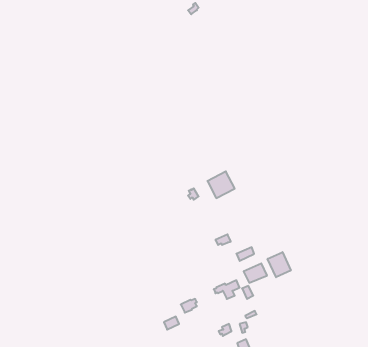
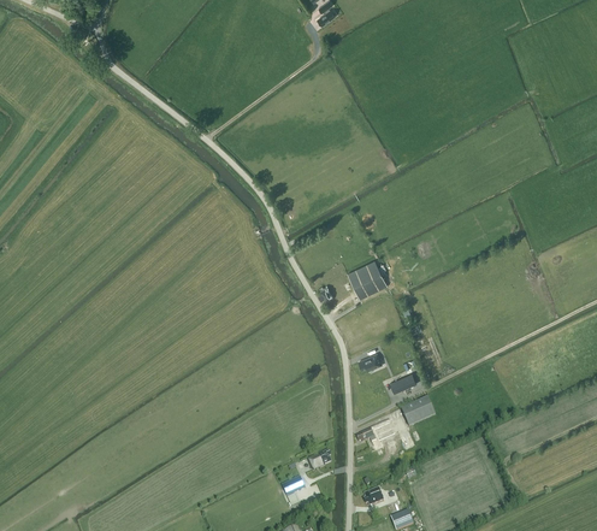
building: [268,252,291,277] -> none

